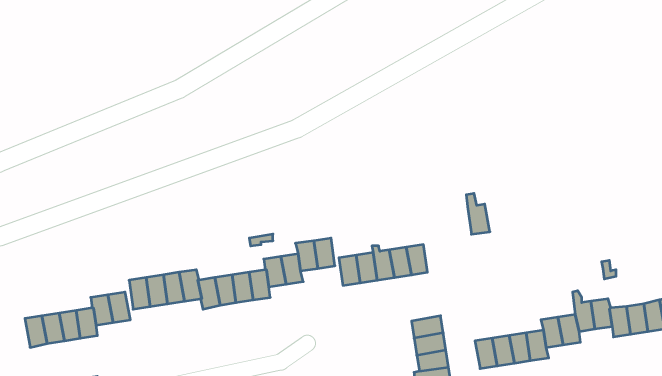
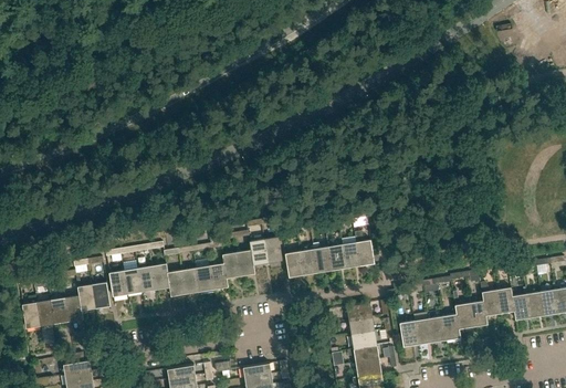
building: [466,193,490,234] -> [355,231,375,265]

